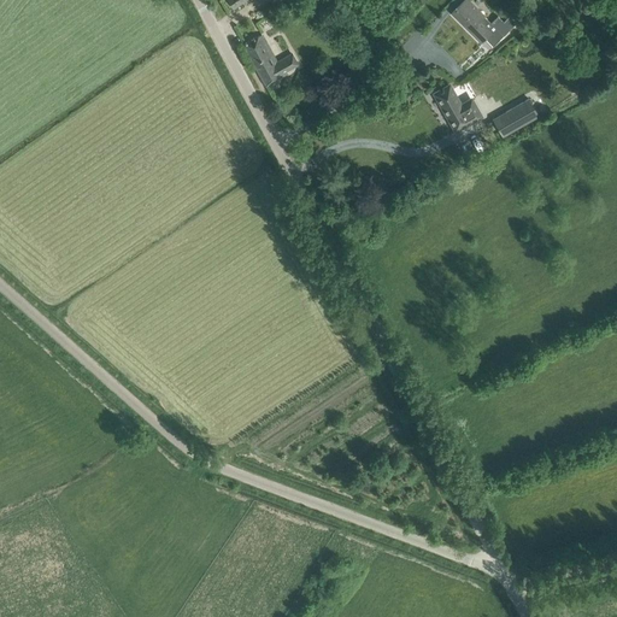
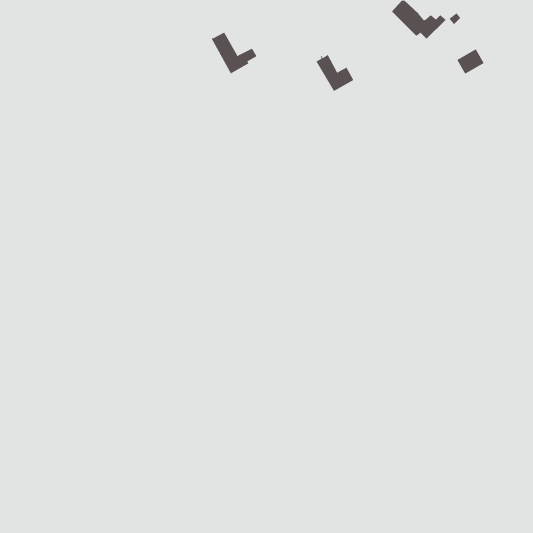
building: [435,86,480,129] -> [316,54,354,92]
building: [506,99,539,129] -> [456,48,485,75]

